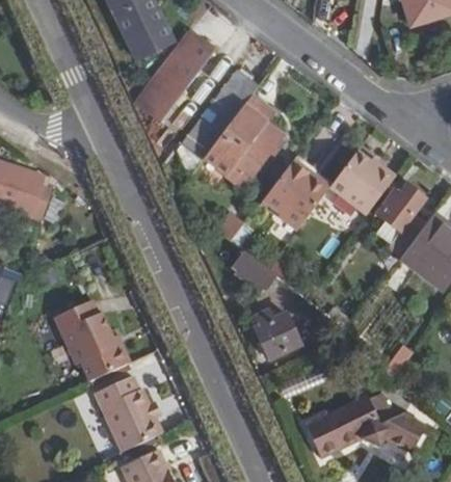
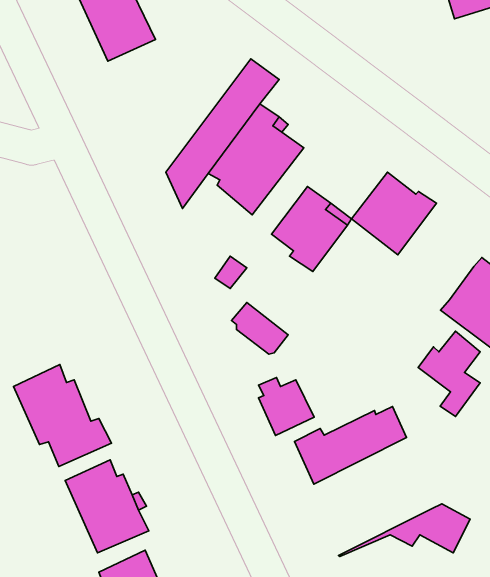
building: [133,29,214,124] -> none
building: [377,182,427,250] -> [418,331,480,416]
building: [302,394,393,456] -> [294,407,407,484]

